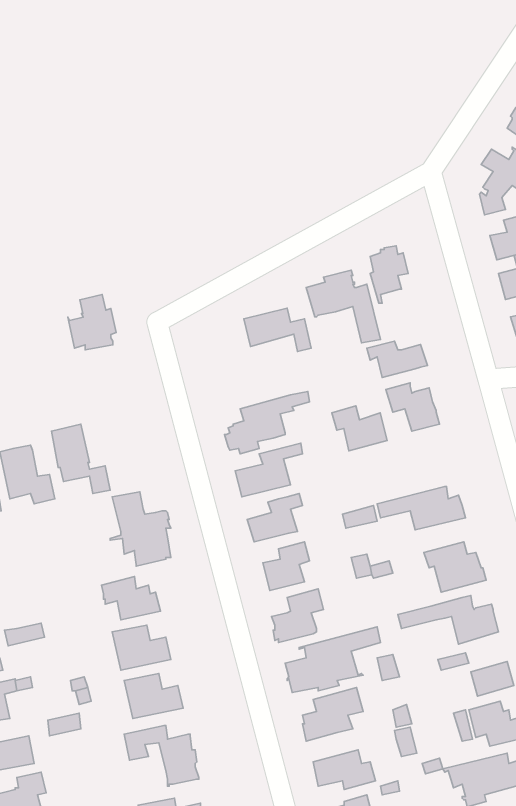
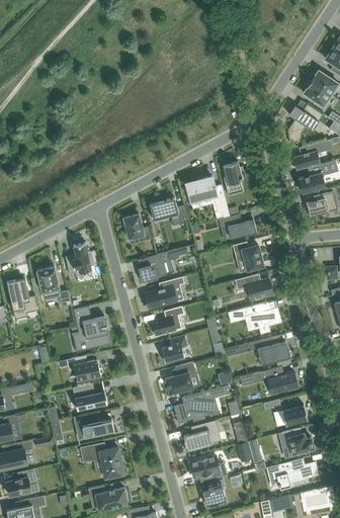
building: [68,295,116,350] -> [65,243,93,275]
building: none -> [122,213,152,241]
building: [332,406,387,451] -> [240,274,272,300]

